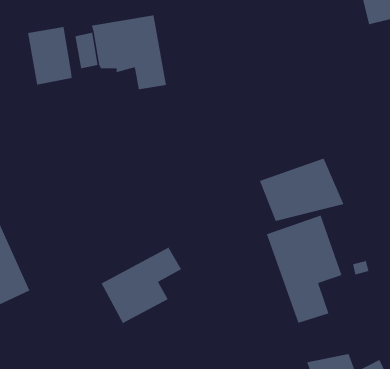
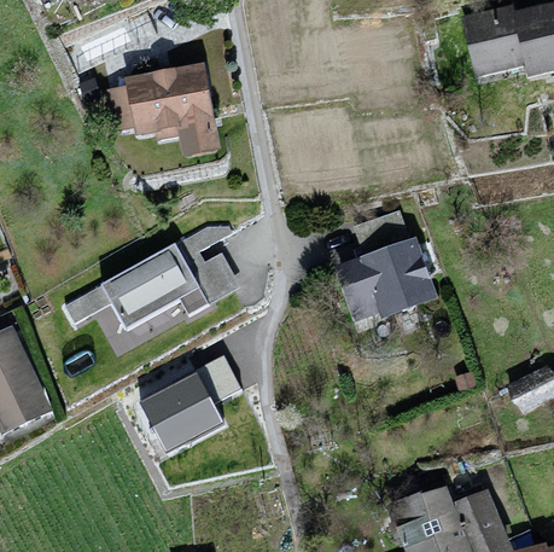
building: [27,26,72,85] -> none
building: none -> [62,229,243,351]
building: [266,214,343,324] -> none

